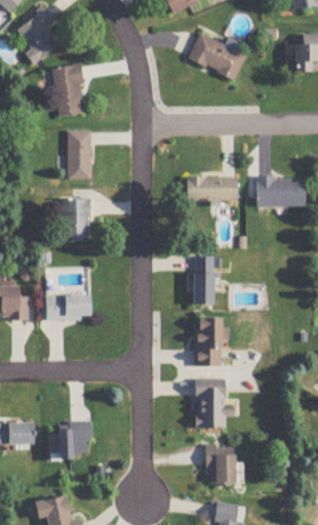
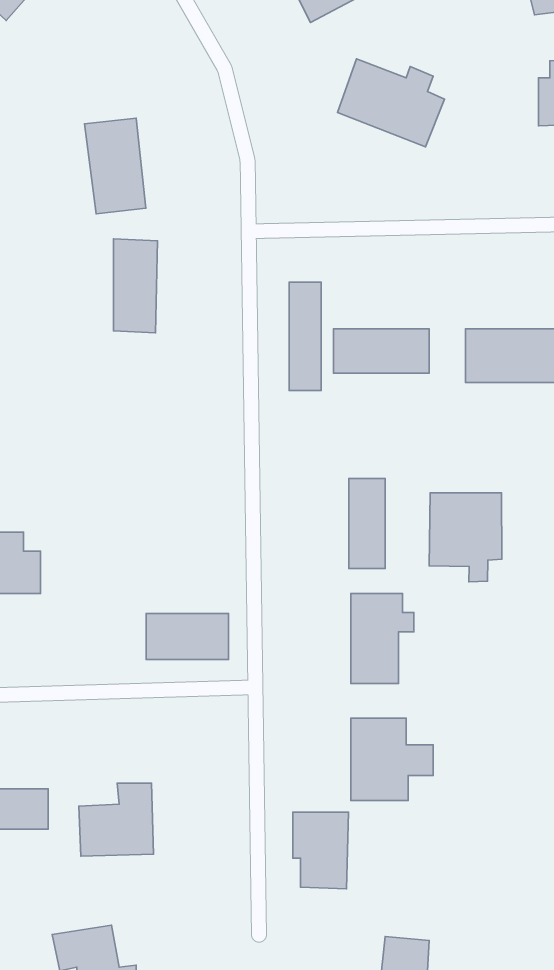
building: [16,7,58,62] -> none
building: none -> [289,282,321,391]
building: [63,198,89,236] -> none
building: none -> [429,493,502,582]
building: [46,294,90,319] -> [146,614,229,660]
building: [205,444,235,485] -> [293,812,348,889]

